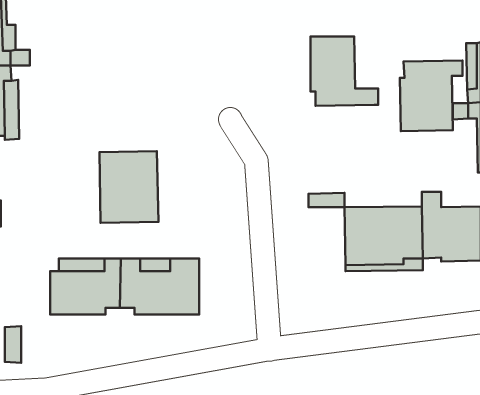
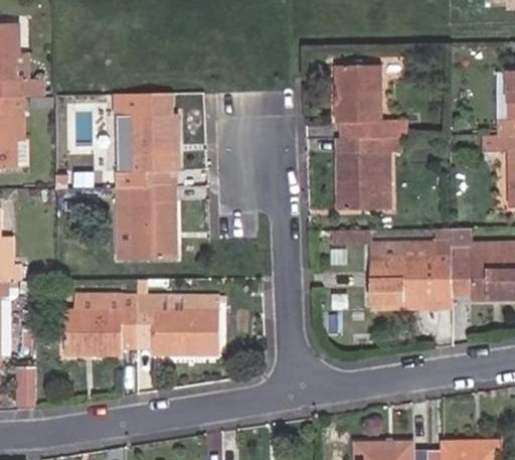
building: [400,61,463,131] -> [336,137,401,210]
building: none -> [114,93,175,186]

